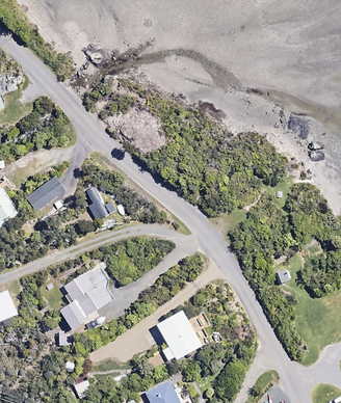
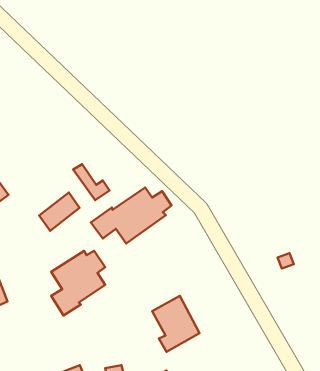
building: [26,176,64,212] -> [39,192,80,231]
building: none -> [91,188,171,243]

